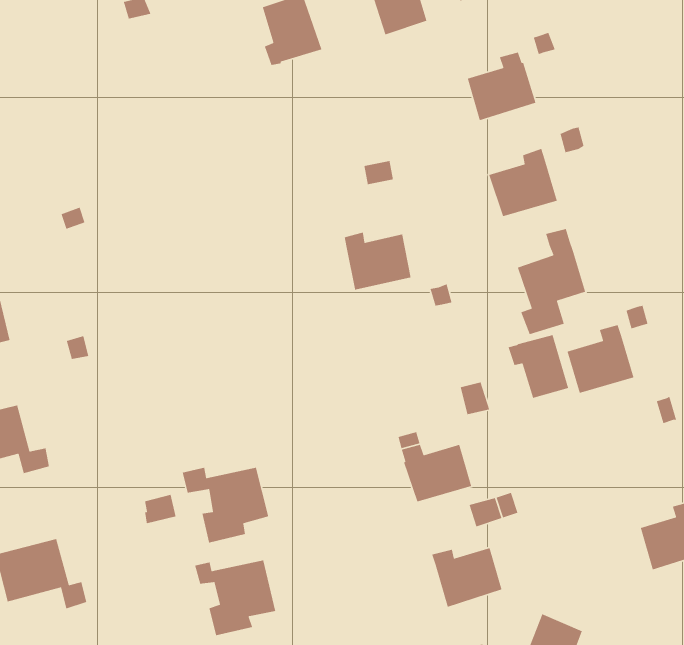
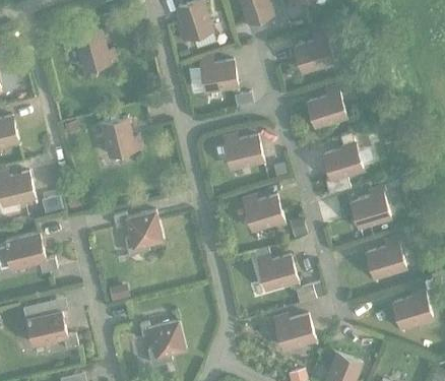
building: none -> [75,31,114,70]
building: none -> [199,59,237,91]
building: none -> [101,118,139,156]
building: [507,334,569,399] -> none
building: none -> [242,196,283,230]
building: none -> [366,239,404,278]
building: [182,467,269,543] -> [112,212,162,256]

